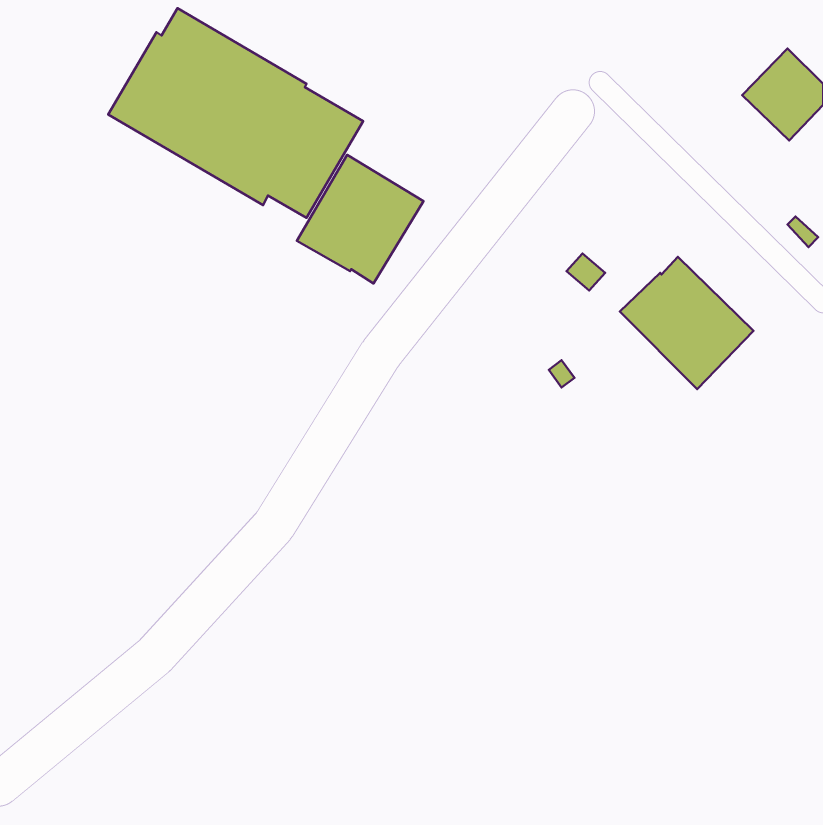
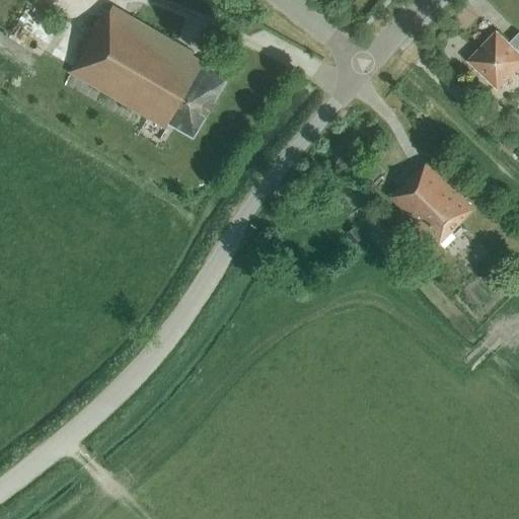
building: [297,155,423,284] -> none

